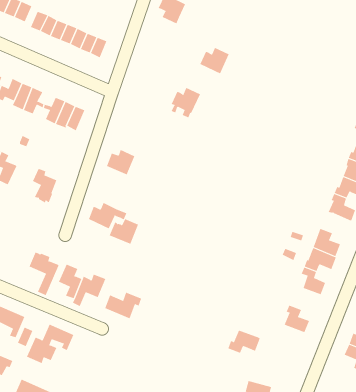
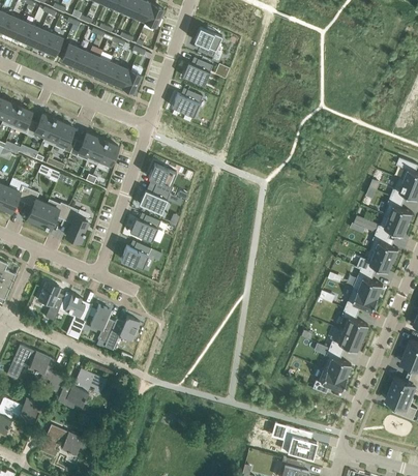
building: [199,47,229,74] -> [182,59,213,87]
building: [171,87,201,118] -> [172,90,203,122]
building: none -> [148,163,176,195]
building: none -> [38,200,69,230]
building: none -> [355,254,393,274]
building: [109,219,139,245] -> [129,215,160,242]
building: none -> [37,281,65,322]
building: none -> [329,330,362,354]
building: [105,292,142,319] -> none
building: [228,330,260,354] -> [312,369,347,394]

